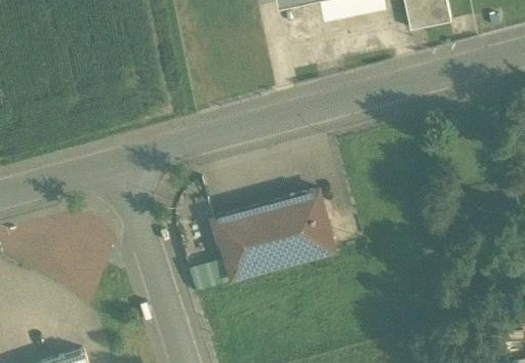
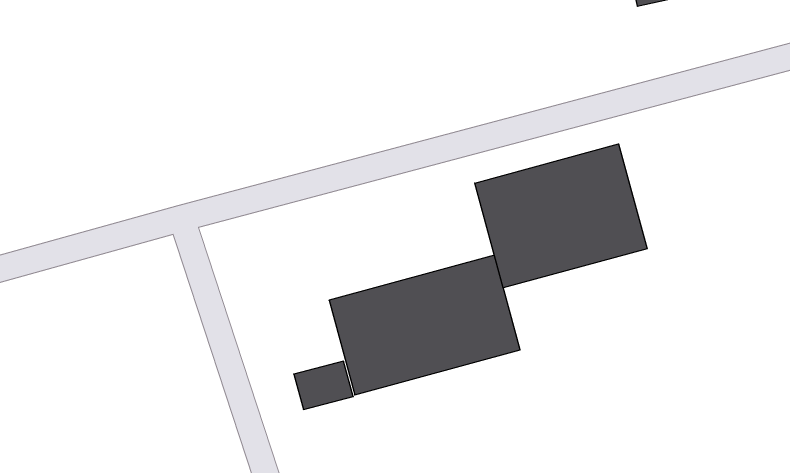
building: none -> [475,144,647,288]

